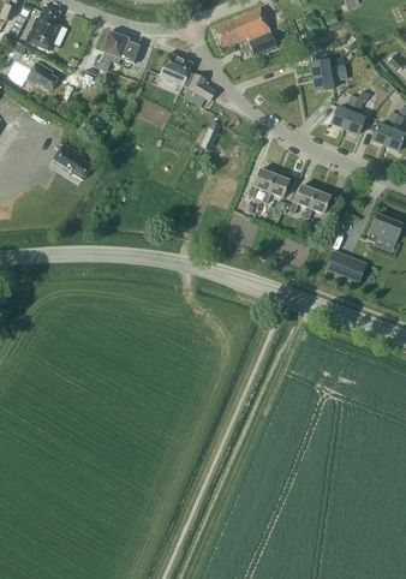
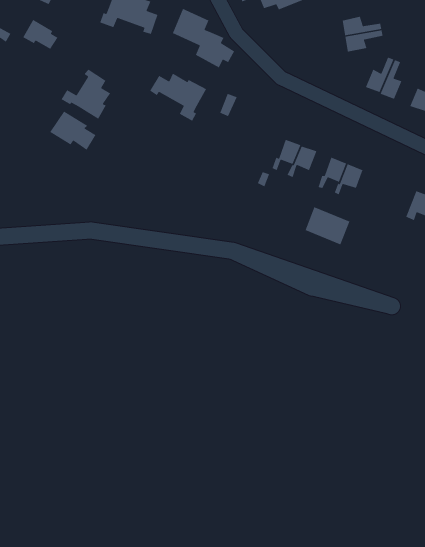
building: none -> [61,68,111,120]
building: none -> [149,72,207,122]
building: [327,250,368,285] -> [305,206,350,245]

